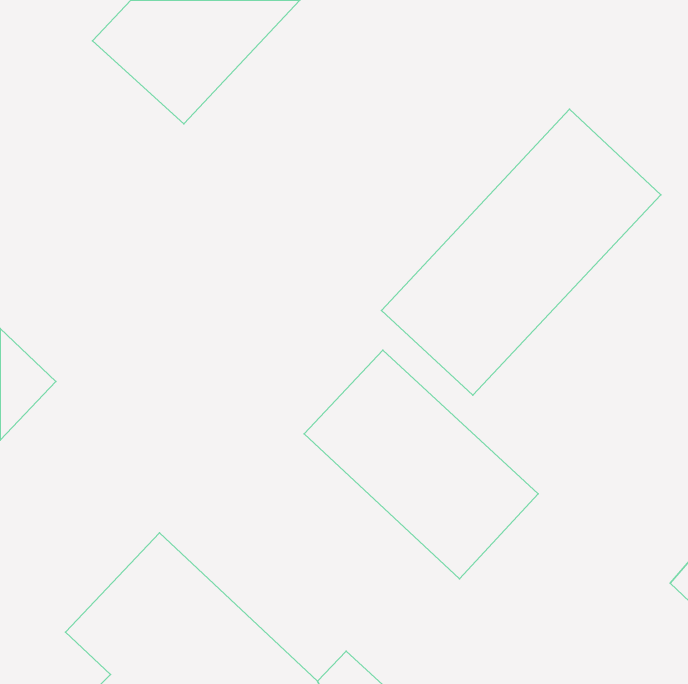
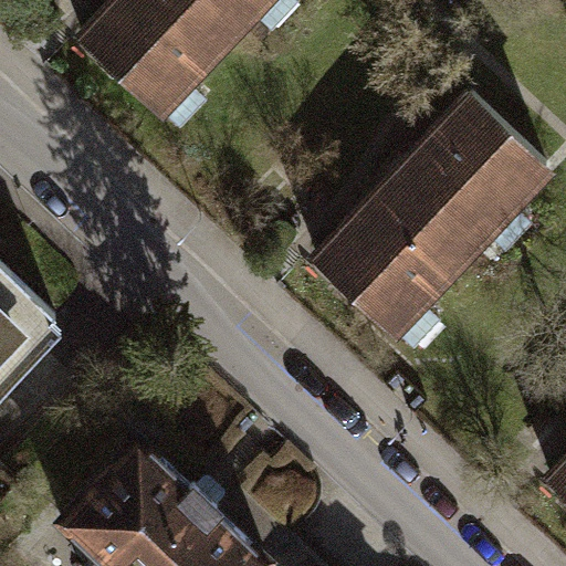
building: [304,350,538,579] -> none

